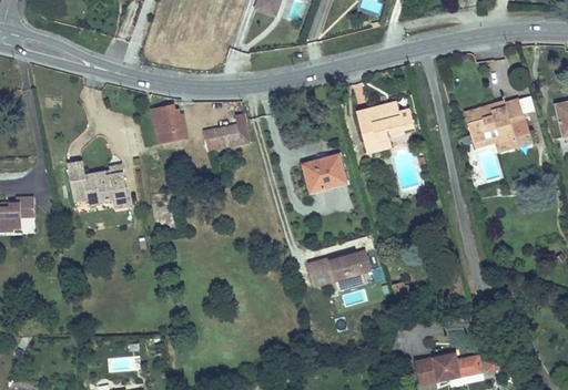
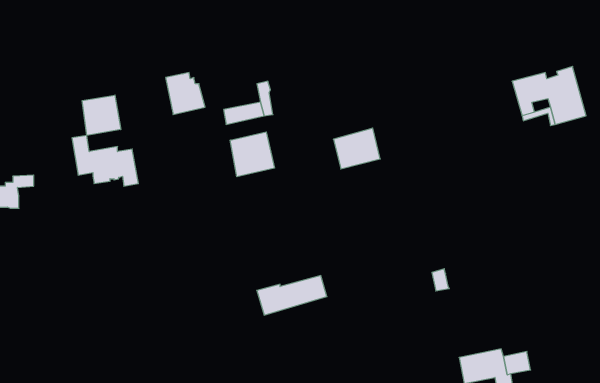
building: [355,102,415,153] -> none
building: none -> [82,95,121,136]
building: none -> [230,132,274,177]
building: [307,252,371,287] -> [257,276,327,315]

